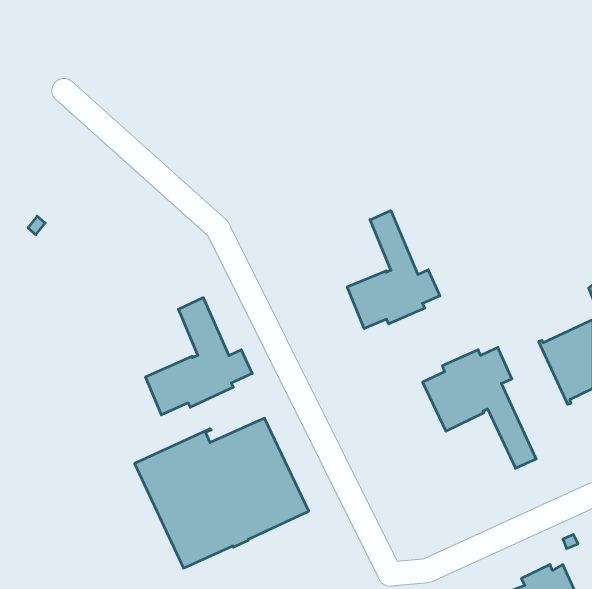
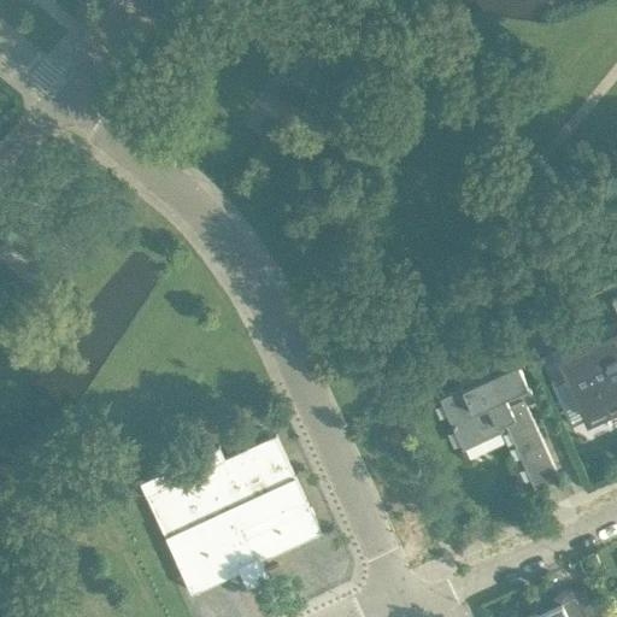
building: [347,211,440,329] -> none
building: [146,298,252,415] -> none

